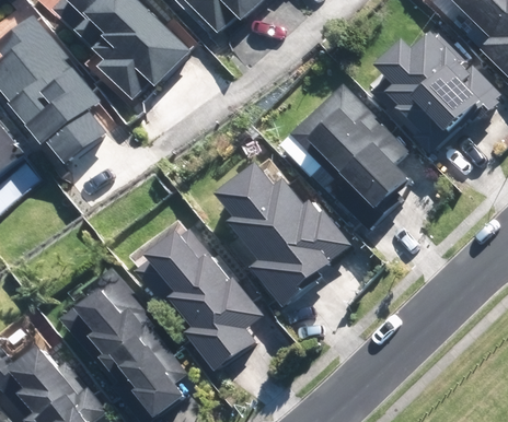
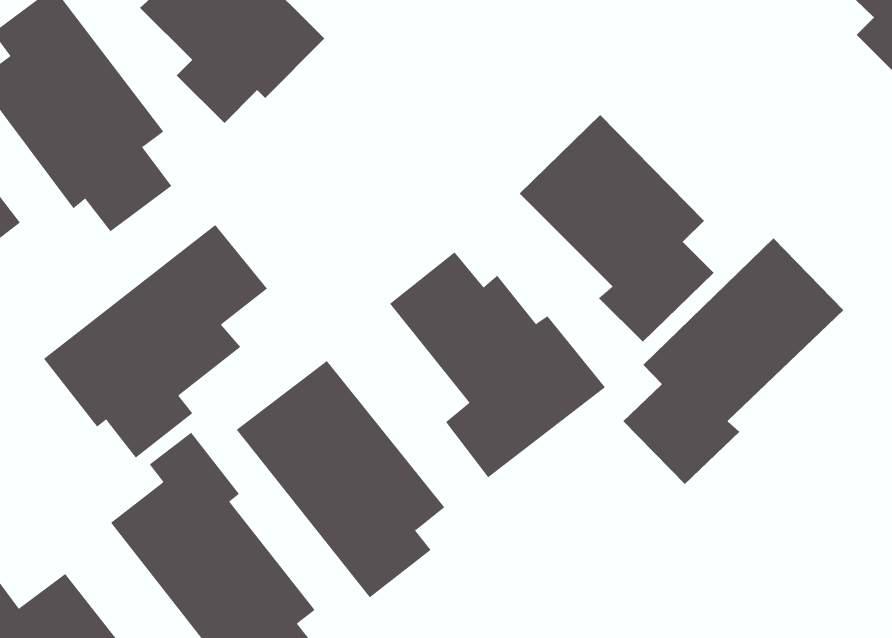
building: [376,36,488,148] -> none
building: none -> [43,224,268,458]
building: none -> [622,238,844,485]

